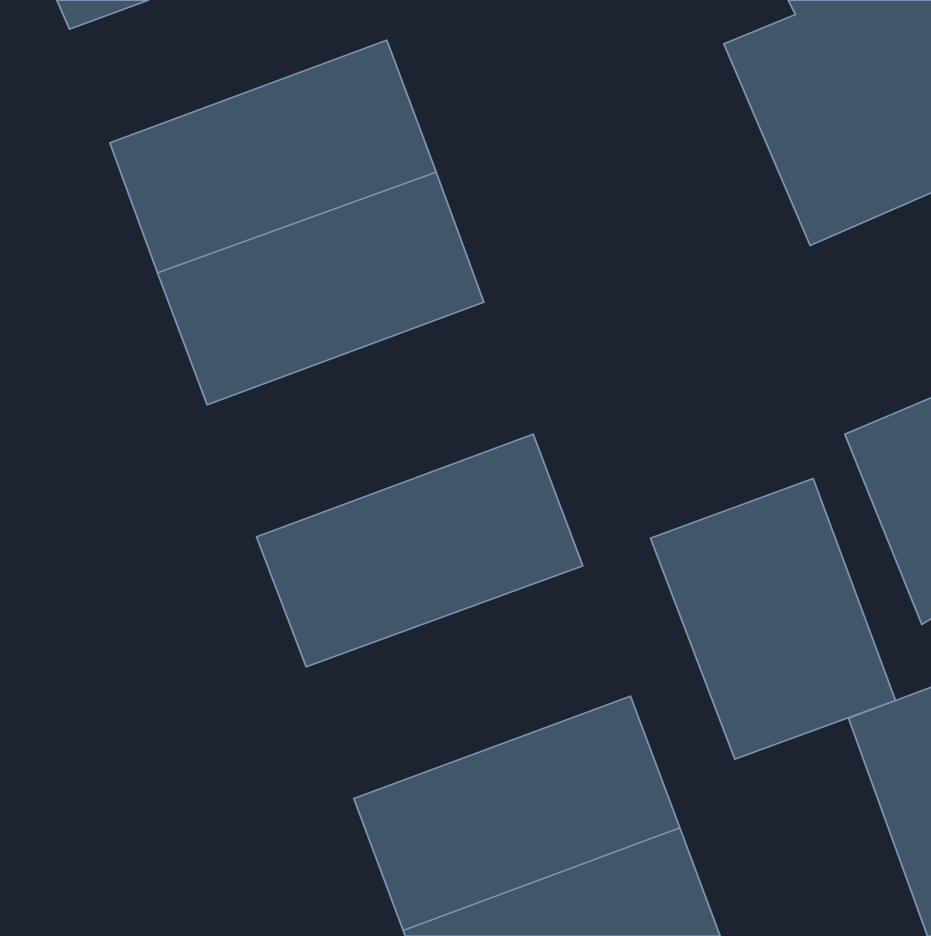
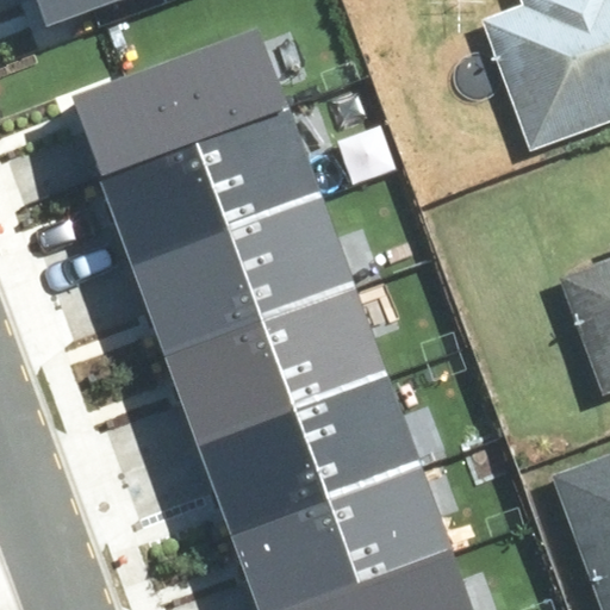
building: none -> [138,197,350,349]
building: [651,478,896,759] -> none
building: none -> [203,368,413,519]

